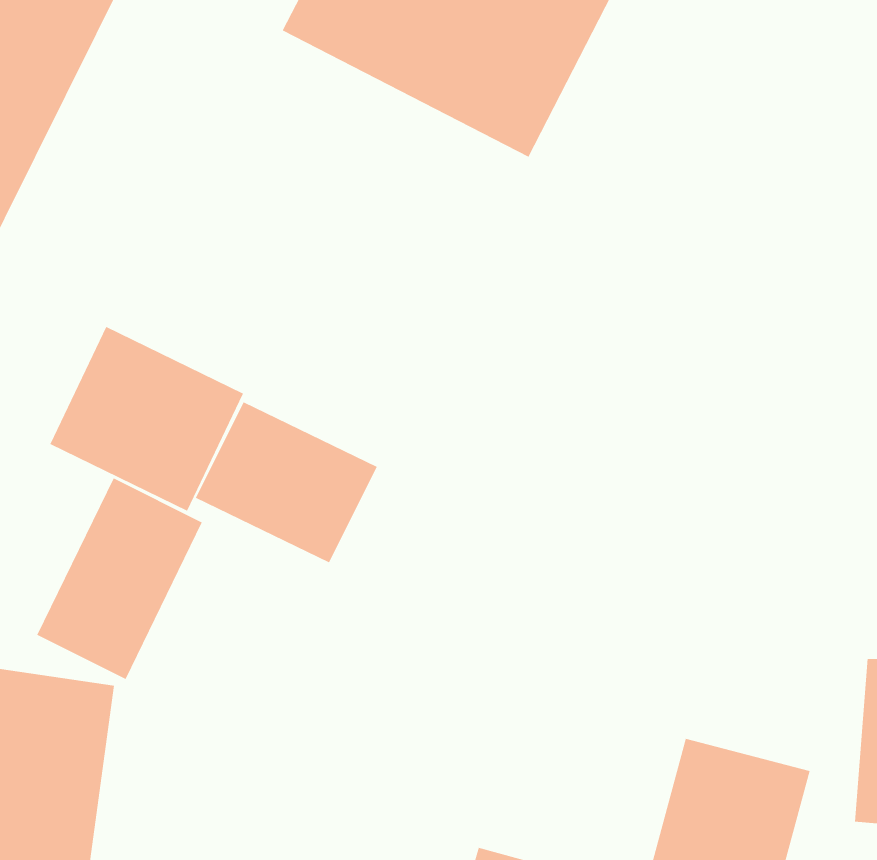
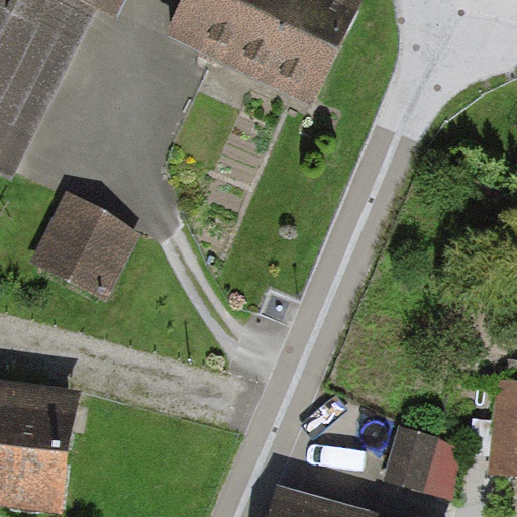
building: [195,401,377,563] -> none
building: [37,477,203,680] -> none

